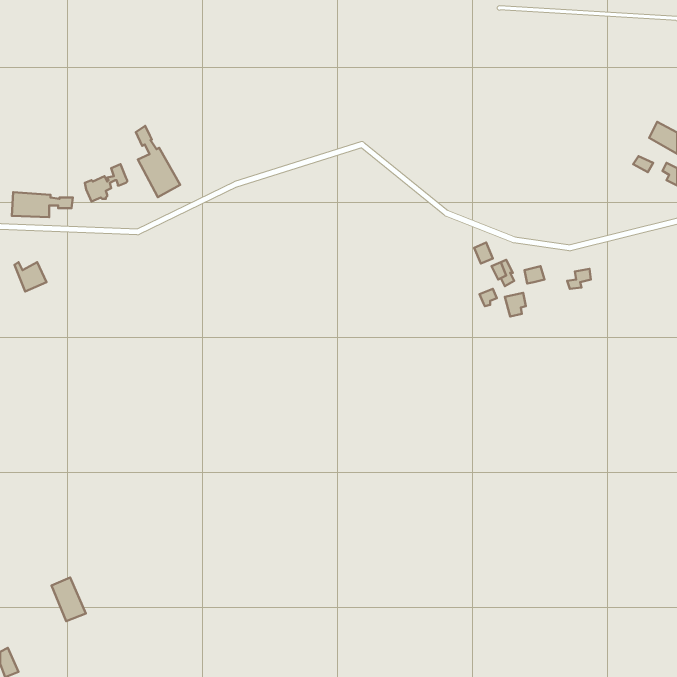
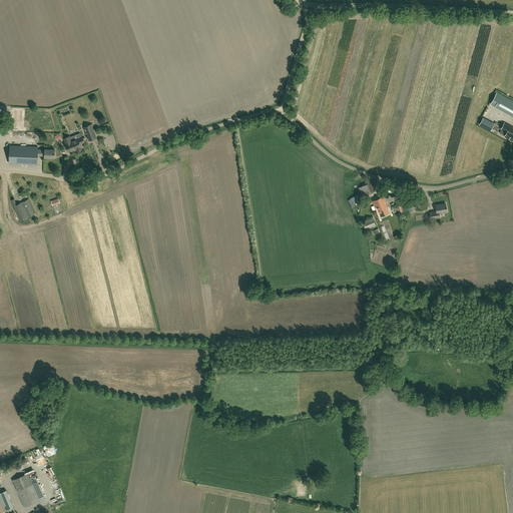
building: [136,126,180,197] -> none
building: [51,578,86,621] -> [13,474,39,507]

